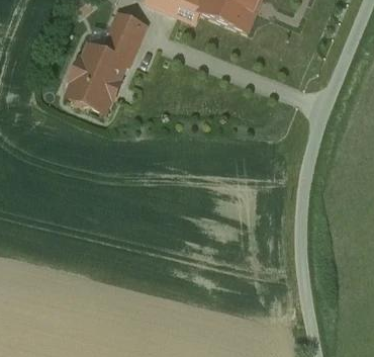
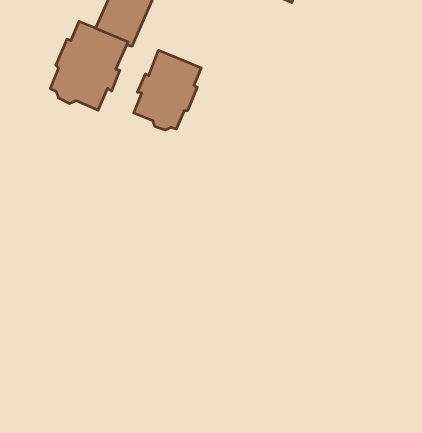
building: none -> [134,50,201,130]

